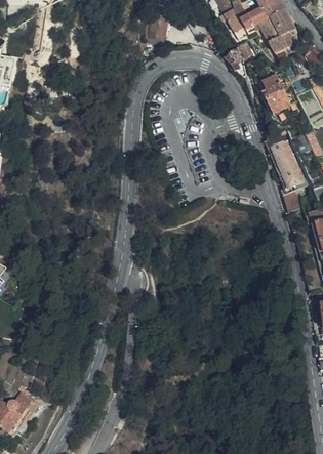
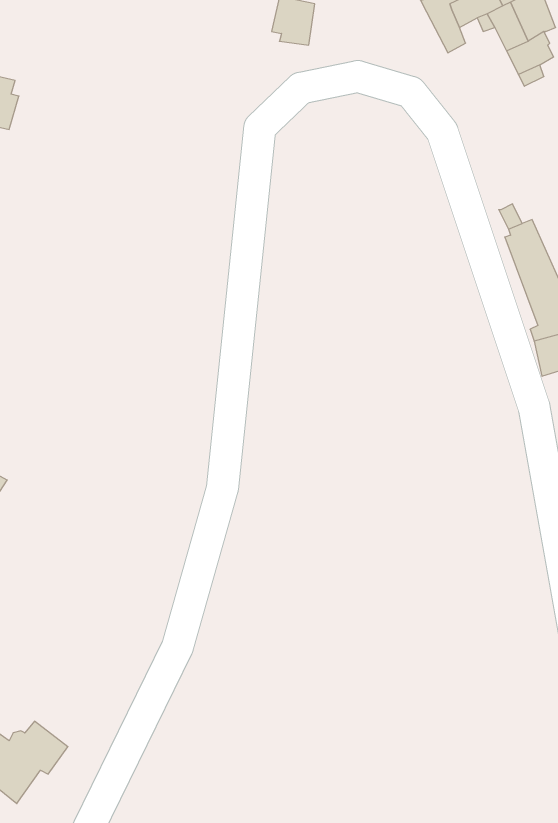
building: [224,44,256,67] -> none
building: [260,76,290,115] -> none

